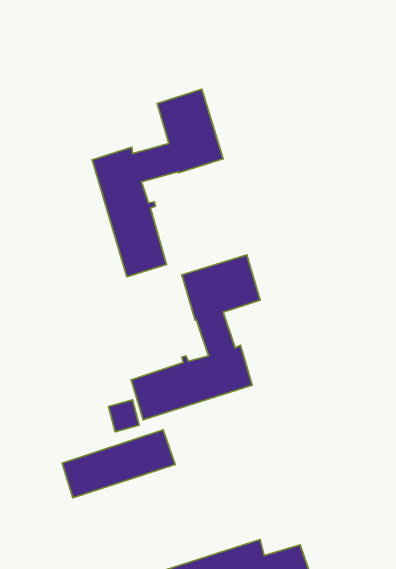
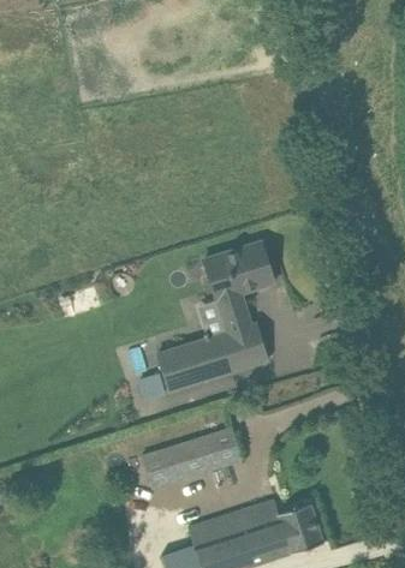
building: [92,89,223,277] -> none
building: [62,430,175,498] -> [139,429,242,490]

